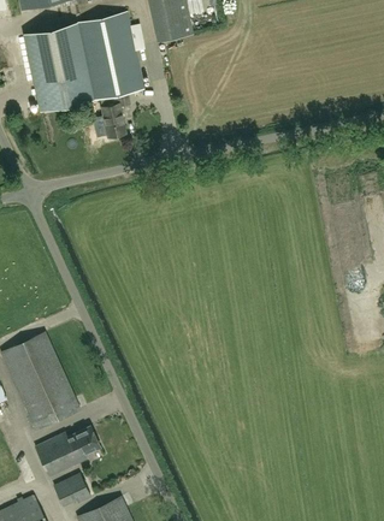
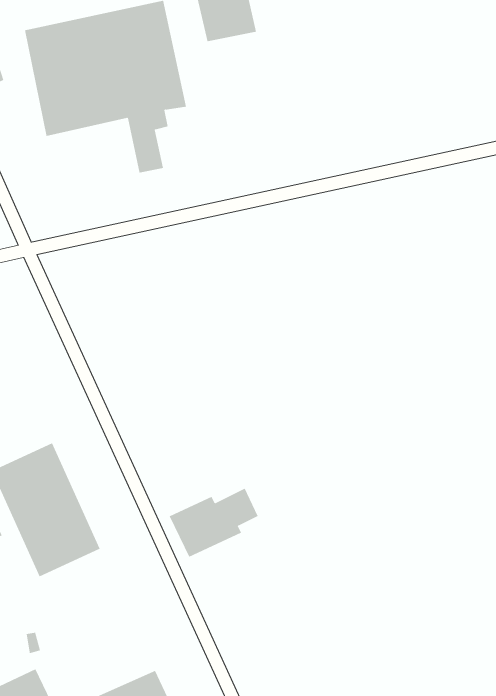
building: [35,426,100,476] -> [169,488,258,558]
building: [54,473,90,505] -> none

